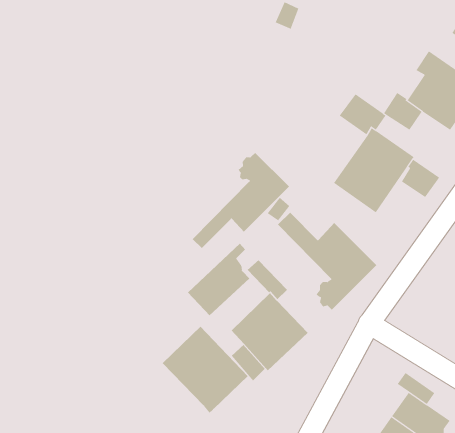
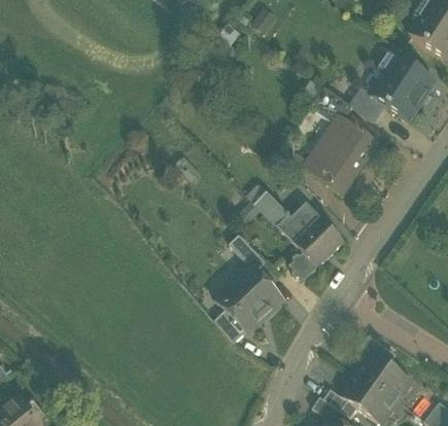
building: [192,152,290,249] -> none
building: [401,159,440,198] -> none
building: [187,243,250,316] -> none
building: [162,326,248,414] -> none

